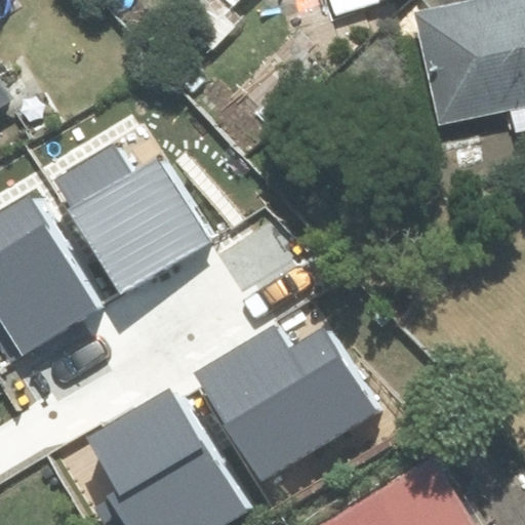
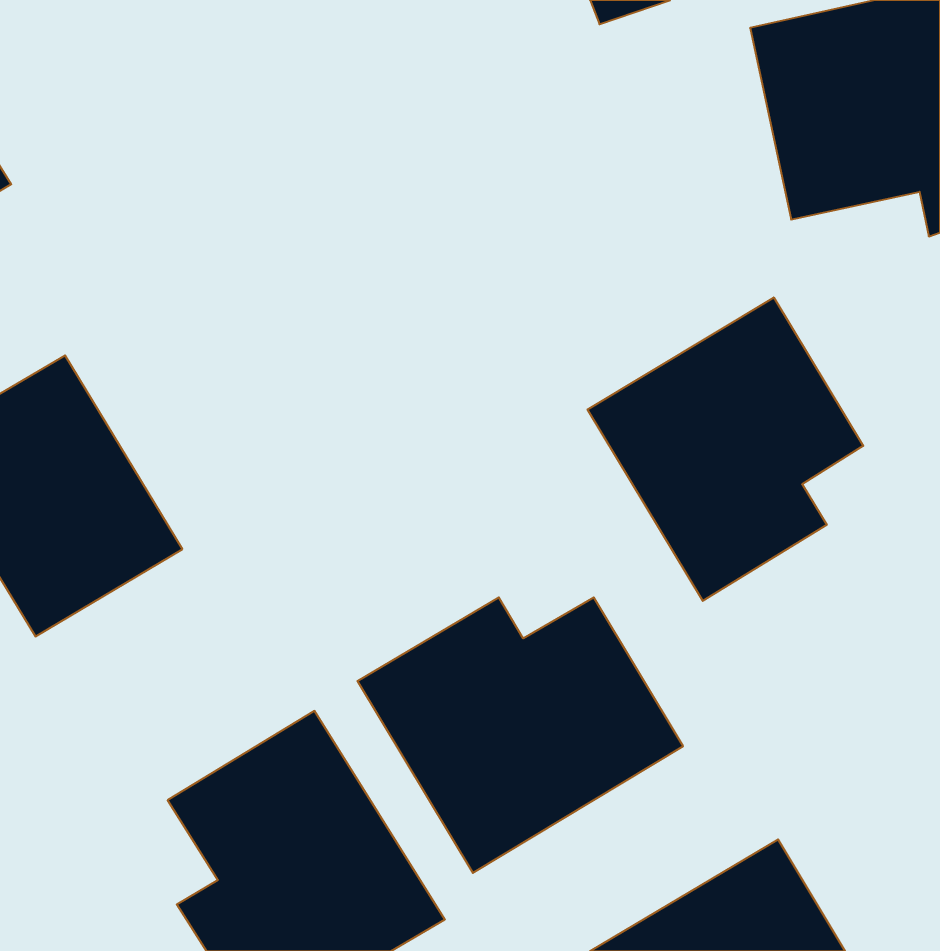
building: [55,146,208,289] -> none
building: none -> [588,297,863,601]

